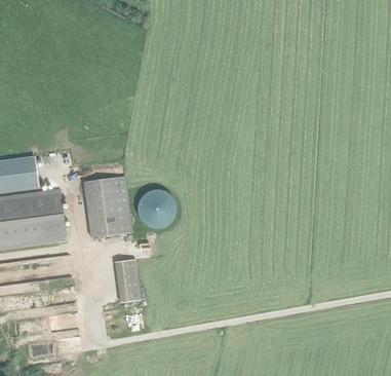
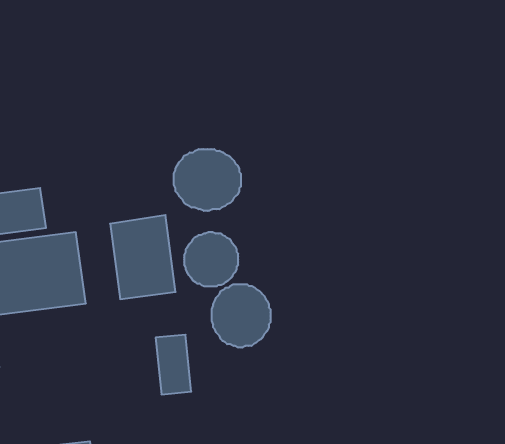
building: none -> [174,149,241,211]
building: none -> [212,284,270,348]

